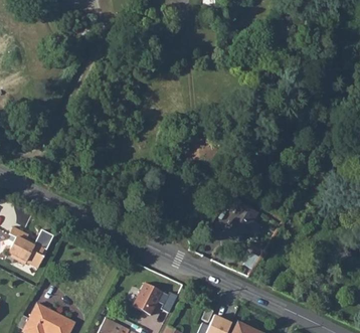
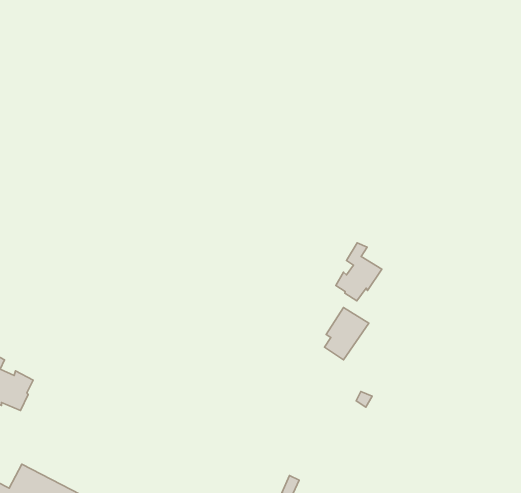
building: none -> [336,243,382,301]
building: [133,283,169,315] -> none

